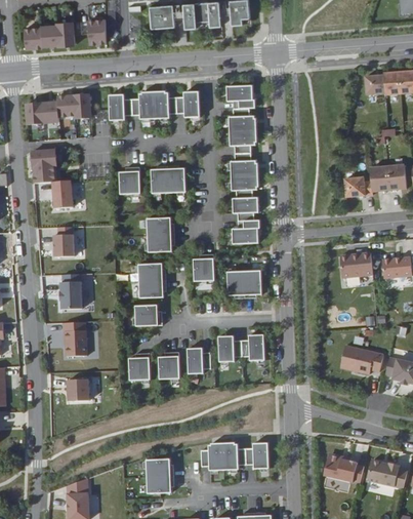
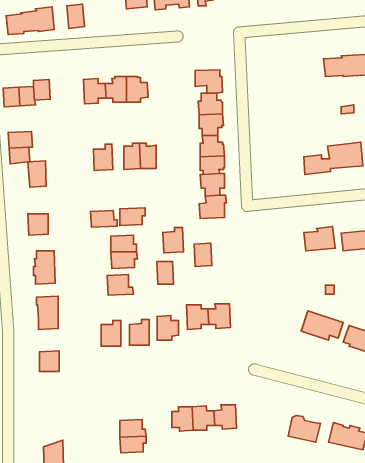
building: [177,94,202,120] -> none
building: [75,96,92,121] -> none
building: [148,215,175,233] -> [91,211,117,227]
building: [244,269,261,292] -> [157,262,174,284]

